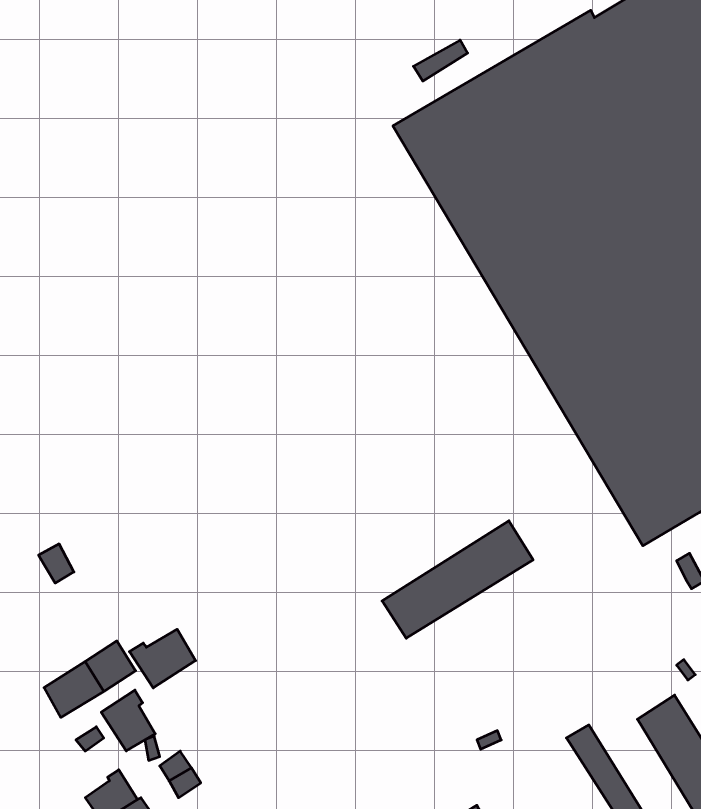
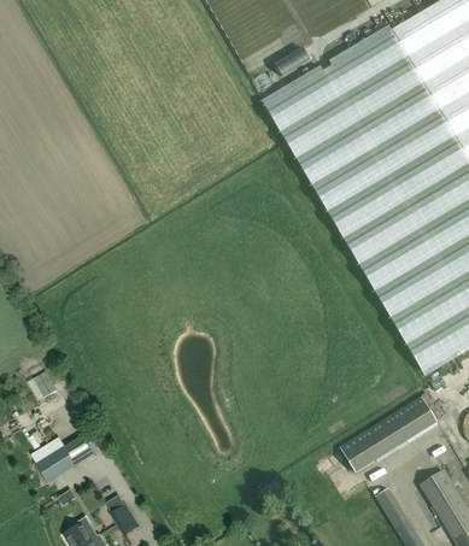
building: [382,521,533,638] -> [340,395,438,471]
building: [129,629,196,688] -> none
building: [101,690,155,751] -> none

